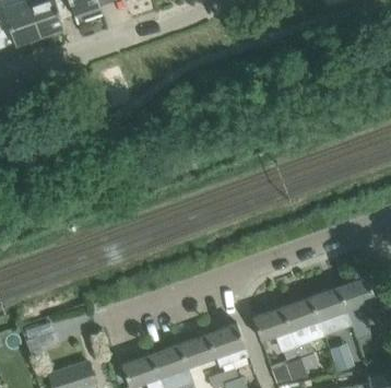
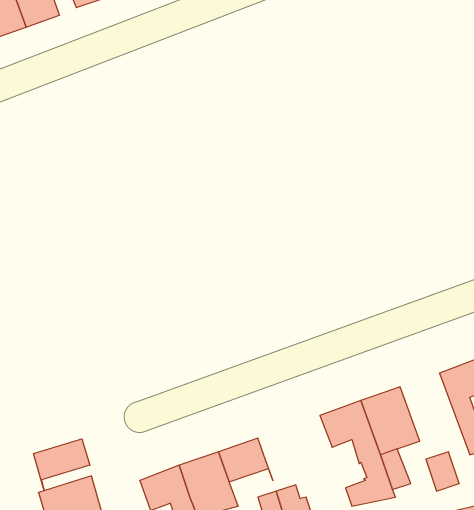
building: [310,287,353,337] -> none
building: [208,324,248,365] -> none
building: none -> [33,439,90,491]

